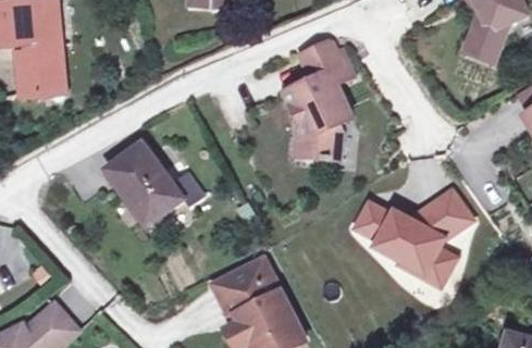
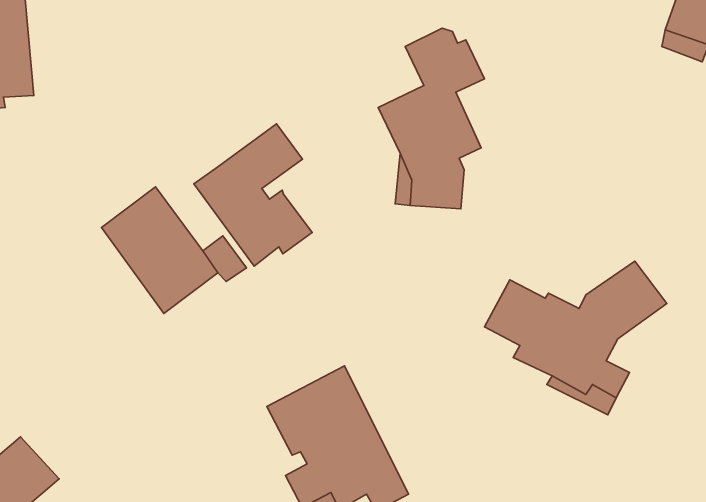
building: none -> [194,124,312,266]

